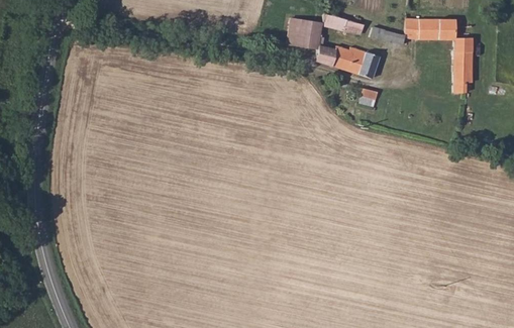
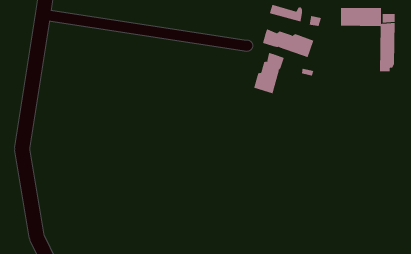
building: [289,18,324,48] -> none
building: none -> [254,52,285,94]

